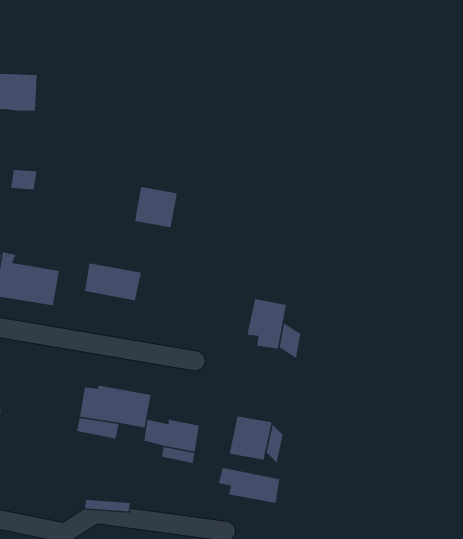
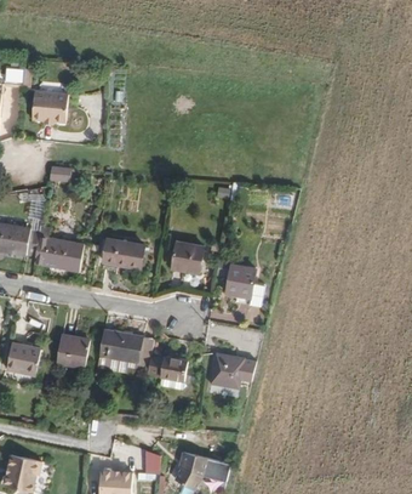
building: [134,186,178,228] -> [168,243,201,274]
building: none -> [55,335,88,367]
building: [218,467,280,504] -> none

